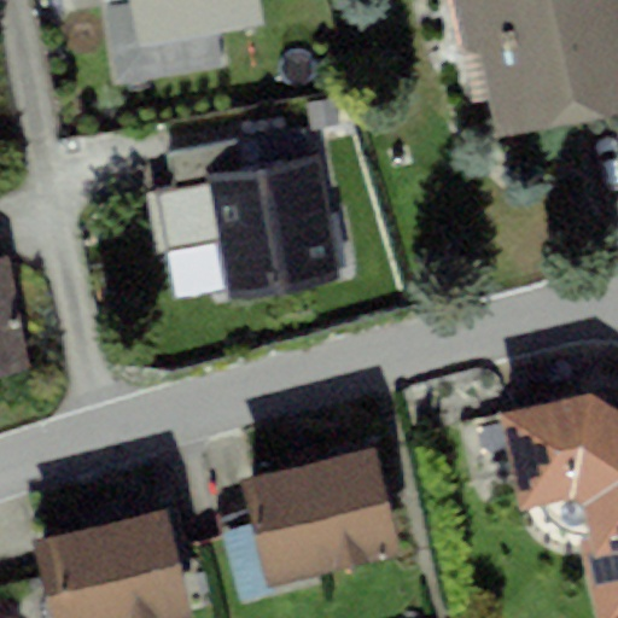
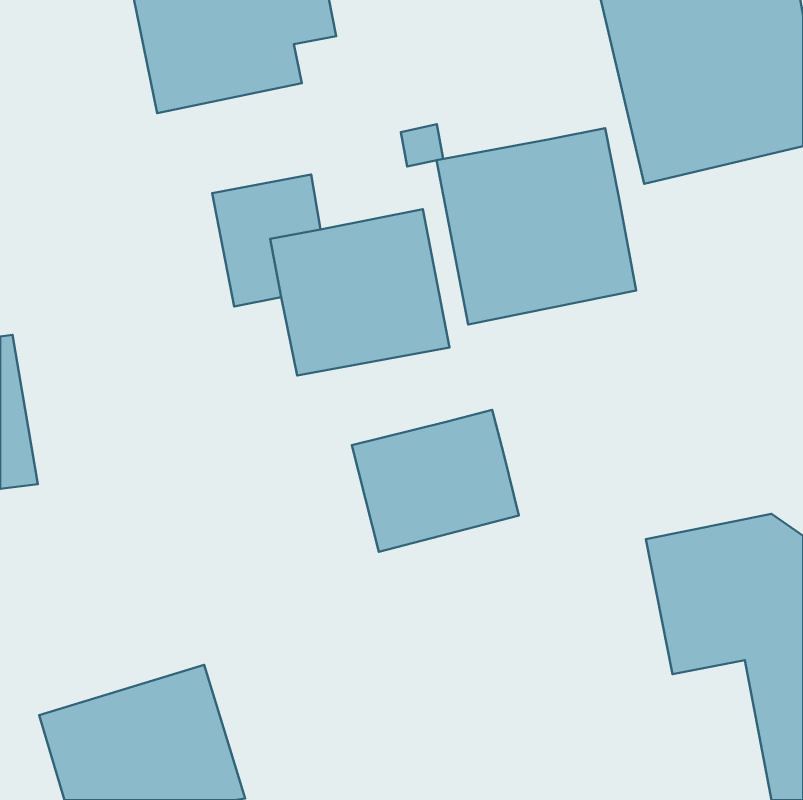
building: none -> [437,128,636,324]
building: none -> [352,410,519,552]
building: [246,447,402,583] -> none

